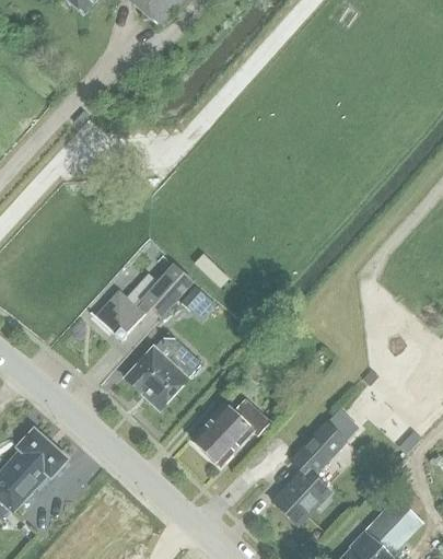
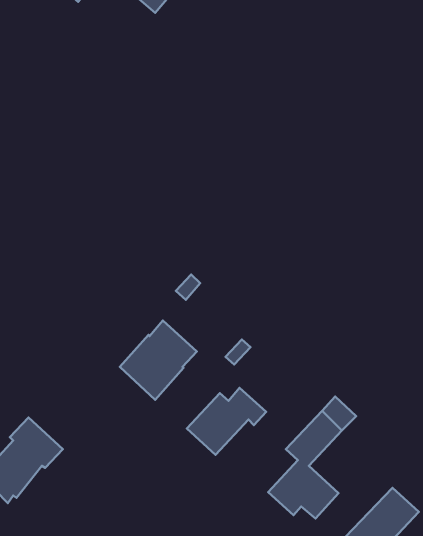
building: [96,265,191,340] -> none

